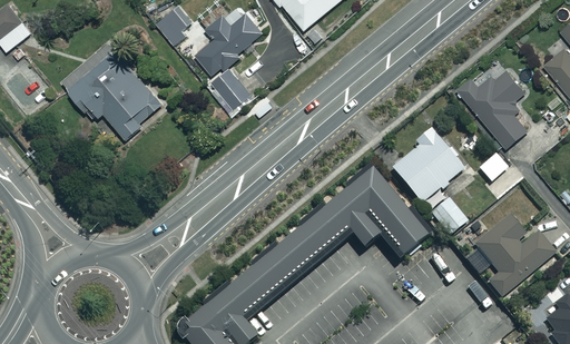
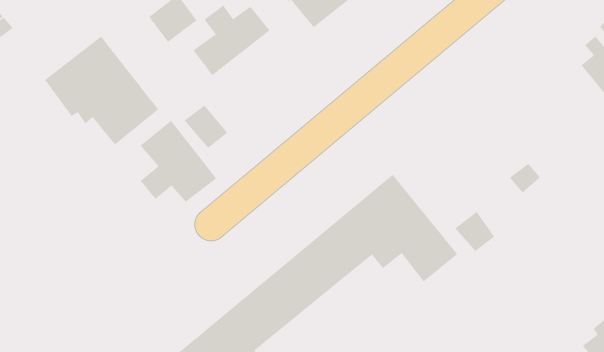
building: [209,69,249,109] -> [184,104,228,149]
building: [456,70,531,148] -> none
building: none -> [139,120,217,203]
building: [392,127,464,203] -> none
building: [463,214,556,297] -> none

